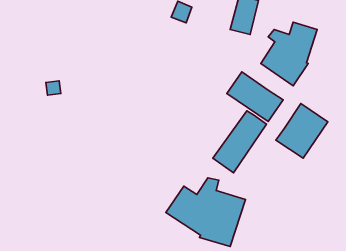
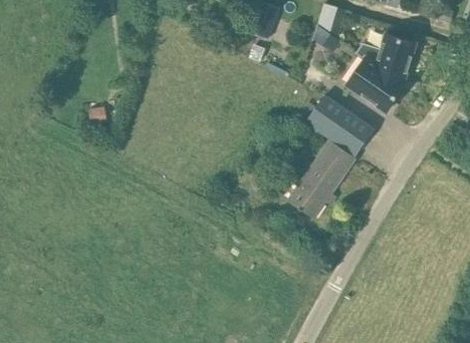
building: [276,104,328,158] -> none
building: [166,178,245,246] -> none

